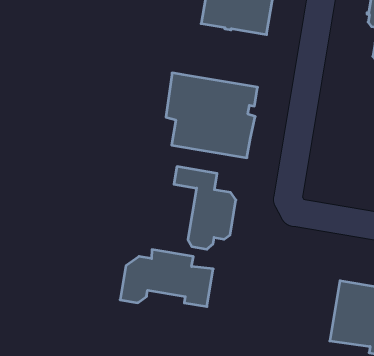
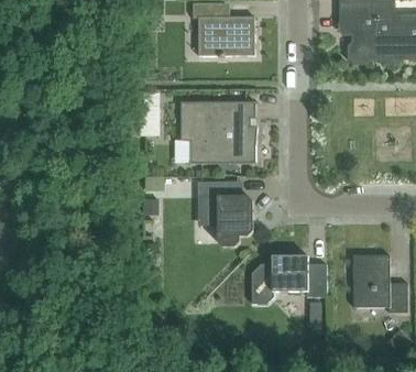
building: [120,250,213,307] -> [251,255,326,303]

